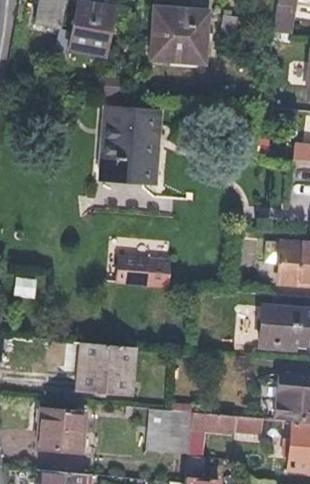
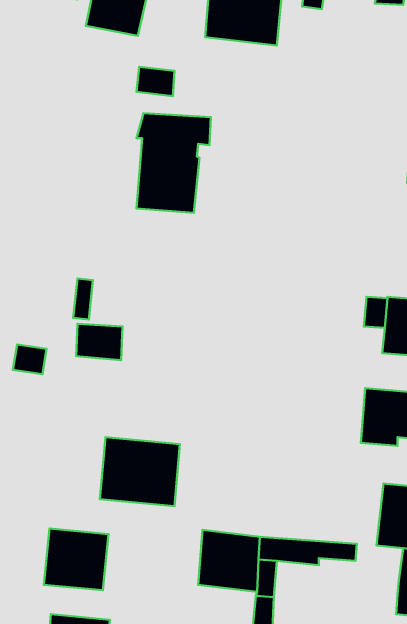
building: [120,260,153,286] -> [76,324,122,360]

